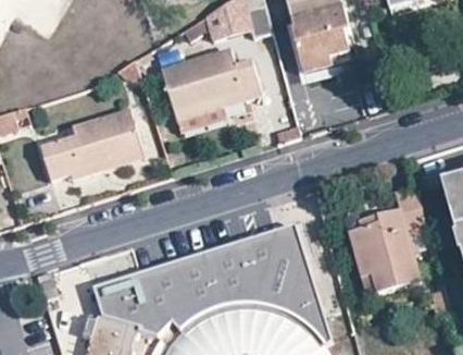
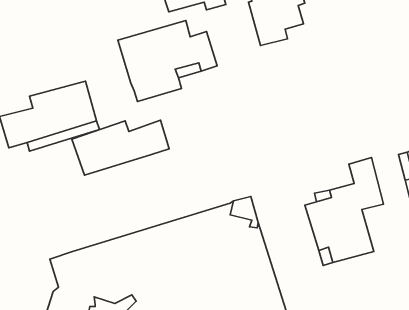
building: none -> [72,120,169,175]

